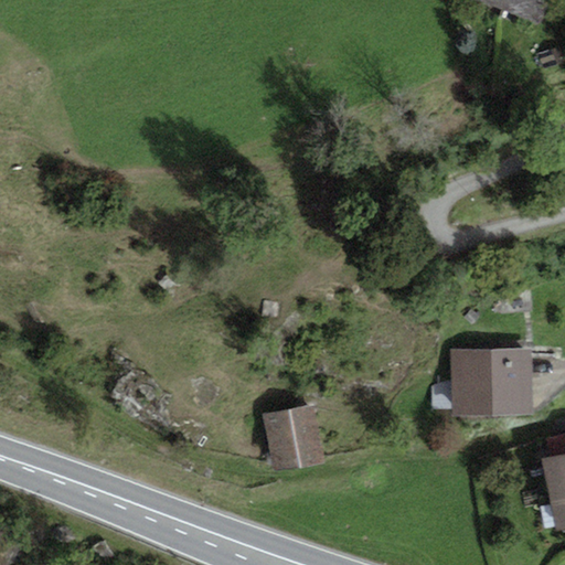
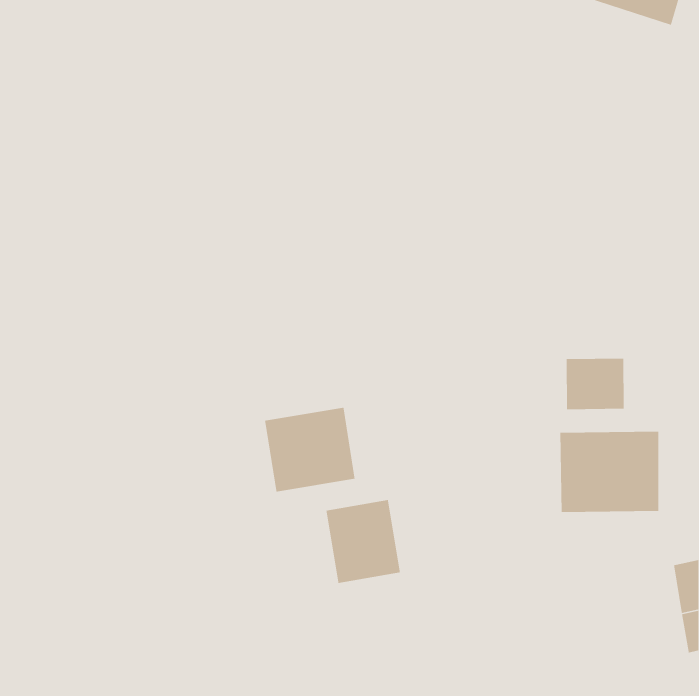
building: none -> [566,358,624,410]
building: none -> [264,407,356,492]

